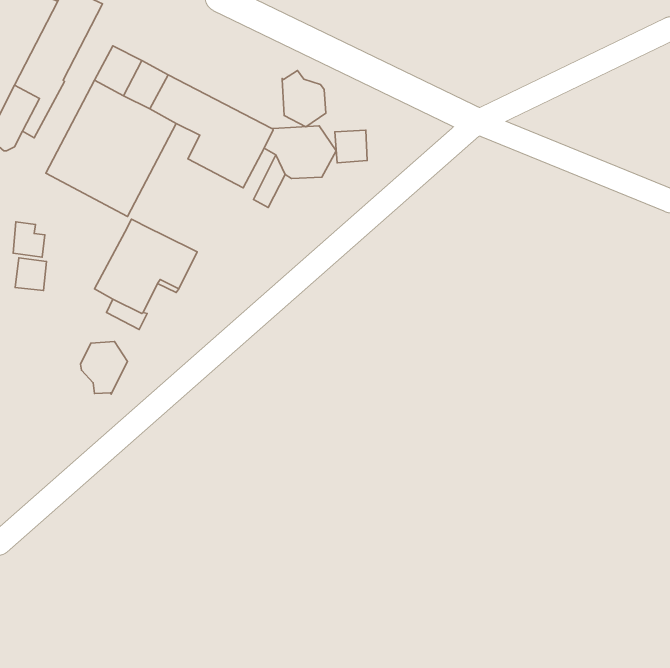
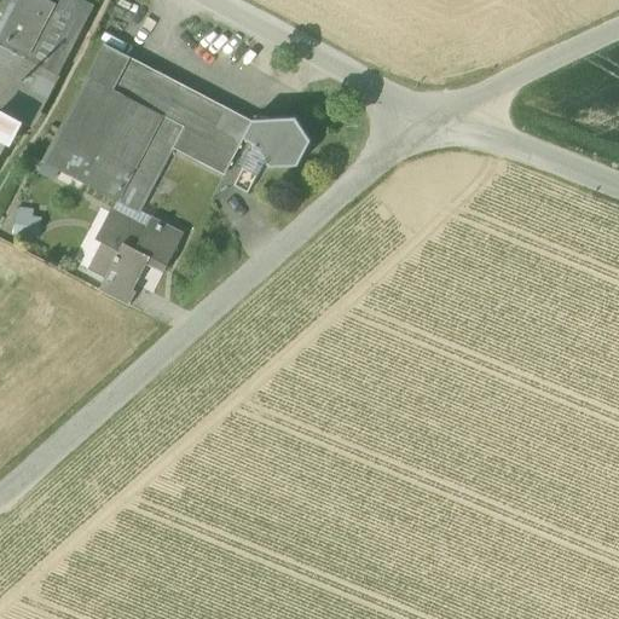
building: [282,71,326,127] -> none
building: none -> [117,114,184,210]
building: [335,130,367,163] -> none
building: [15,258,46,290] -> none
building: [81,341,128,394] -> none

